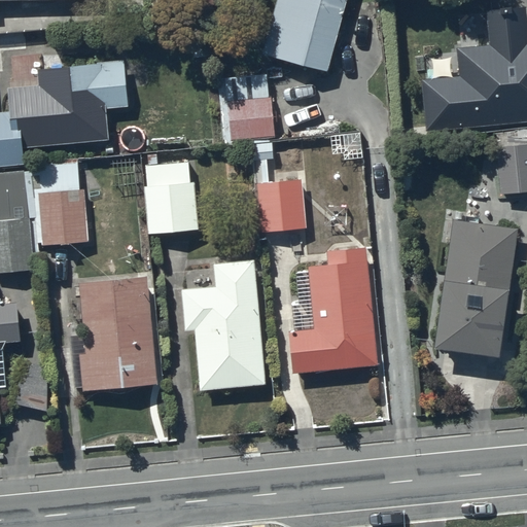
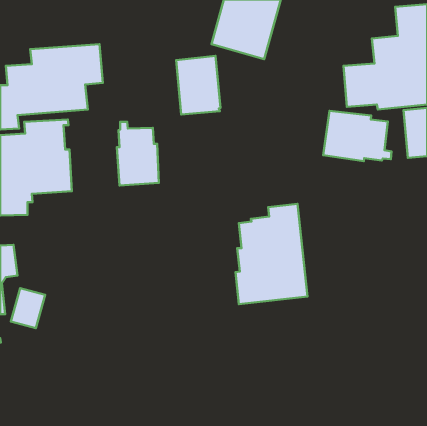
building: none -> [323,111,392,161]
building: [253,146,306,234] -> none
building: [436,224,519,358] -> none
building: [181,259,267,390] -> none
building: [71,278,157,392] -> none

